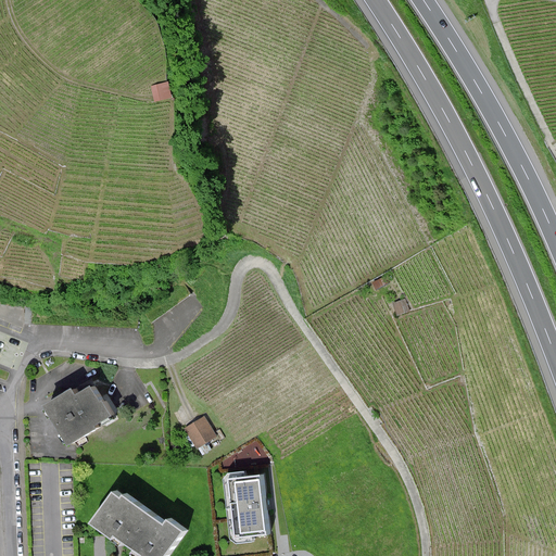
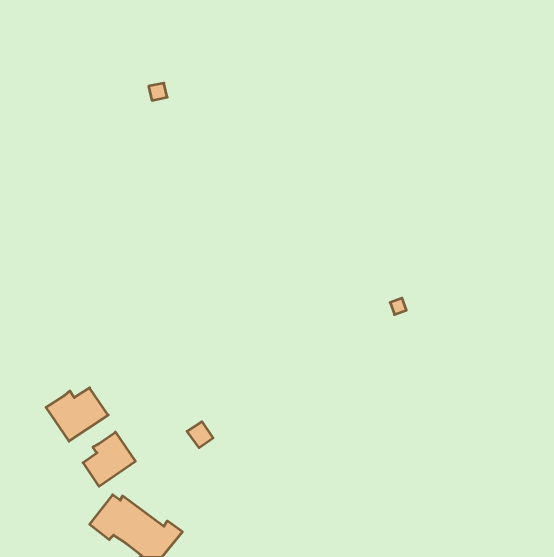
building: none -> [83,432,135,486]
building: [229,470,271,535] -> none

